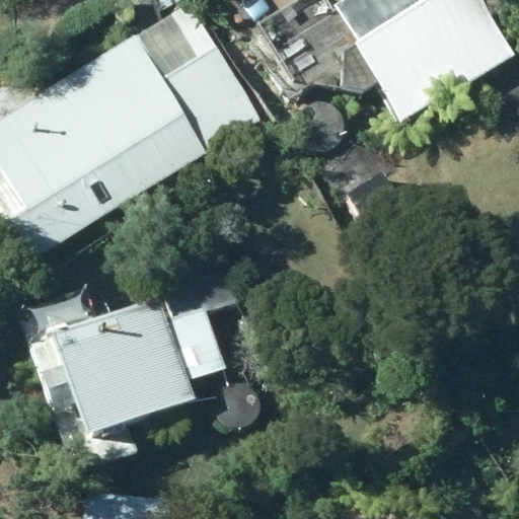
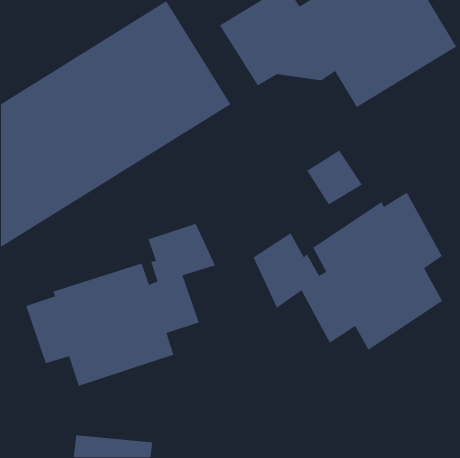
building: none -> [253,191,443,351]

